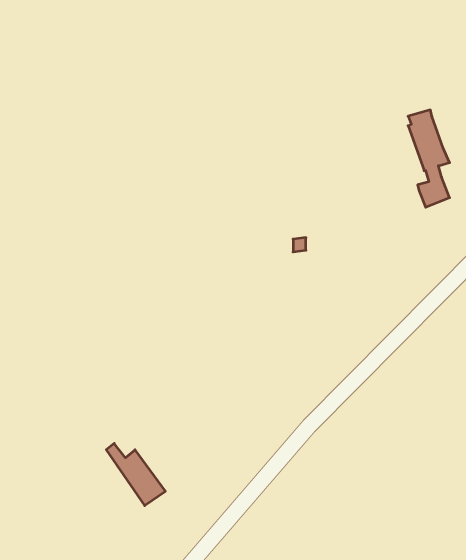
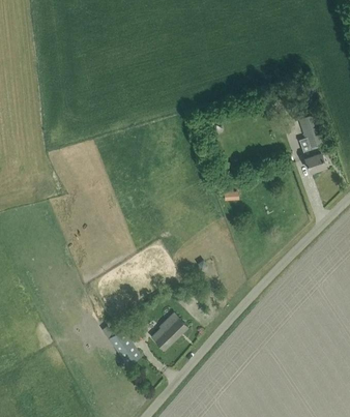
building: none -> [151,312,187,350]

